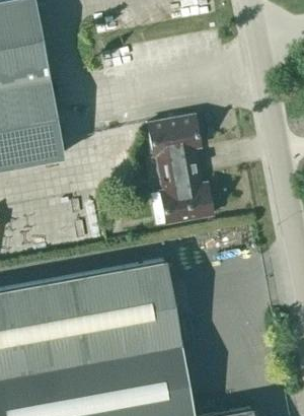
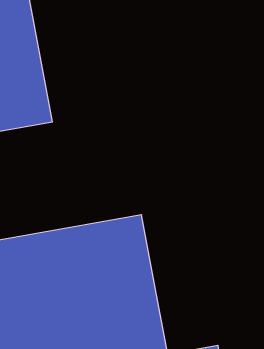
building: [148,117,213,225] -> none

